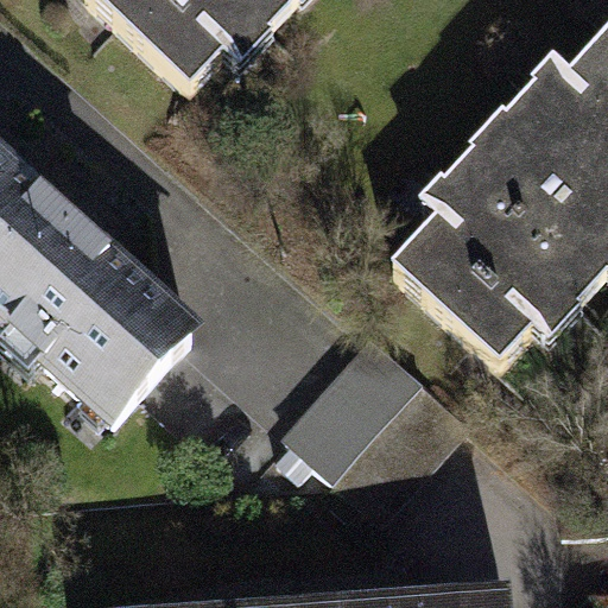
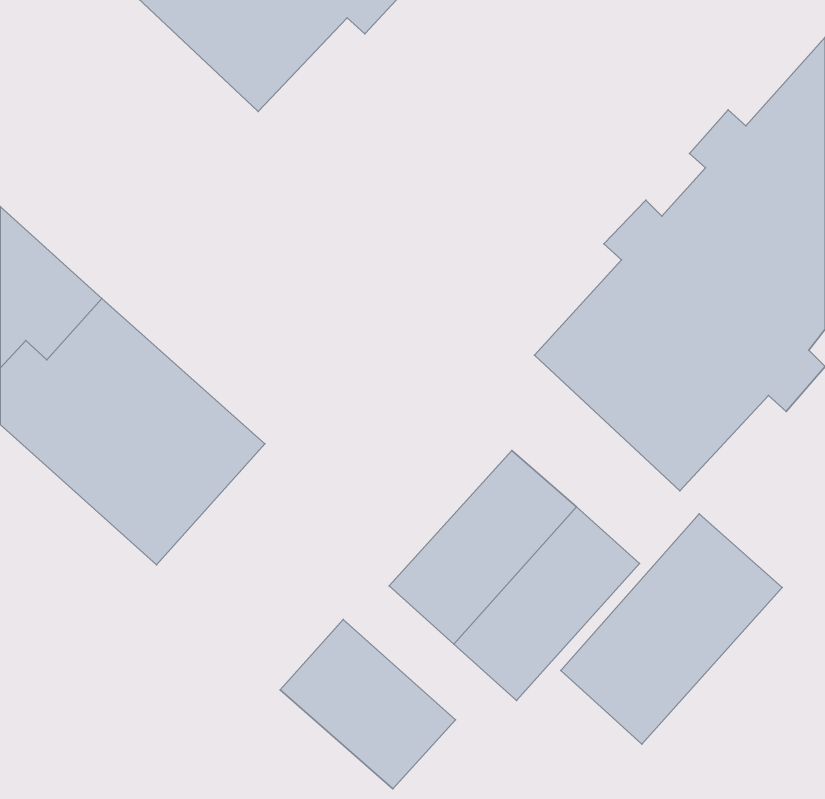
building: none -> [561,514,782,744]
building: none -> [280,619,456,789]

